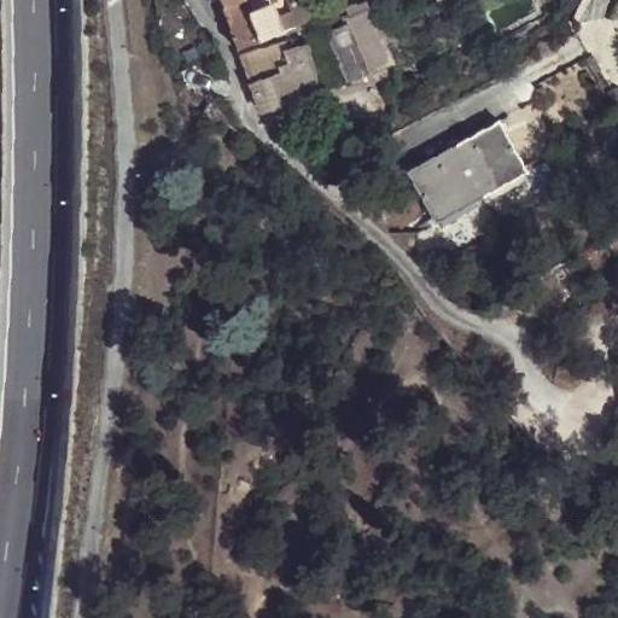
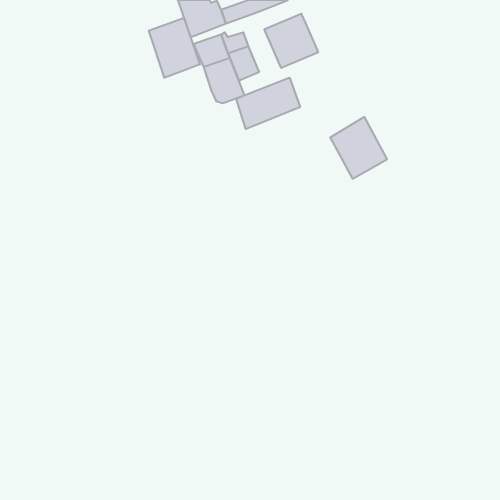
building: none -> [149,18,200,78]
building: none -> [236,78,300,129]
building: [450,121,526,198] -> none

